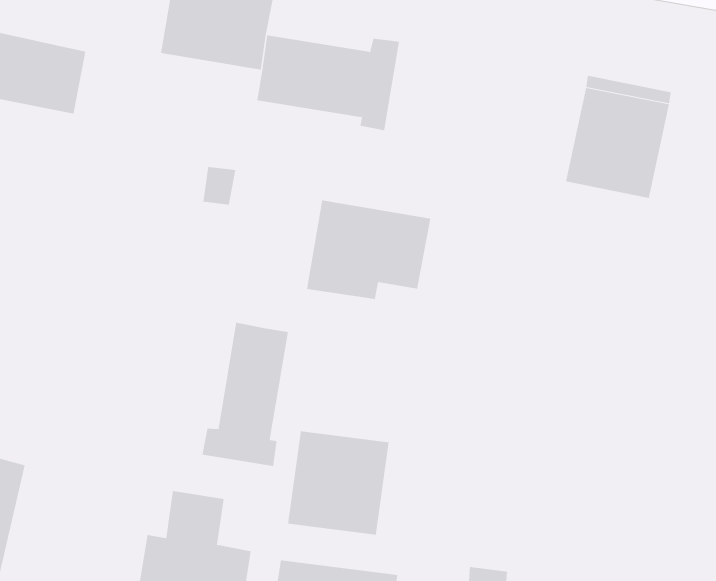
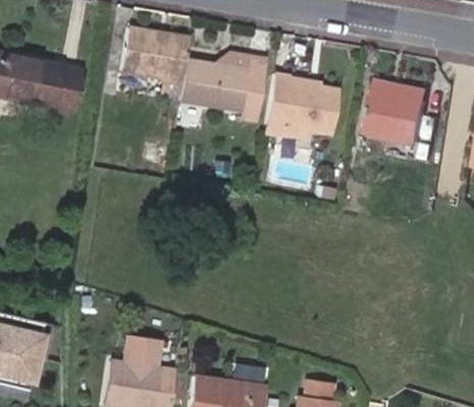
building: [306,200,431,299] -> [265,78,340,138]
building: [202,322,288,467] -> none
building: [287,431,389,535] -> none

